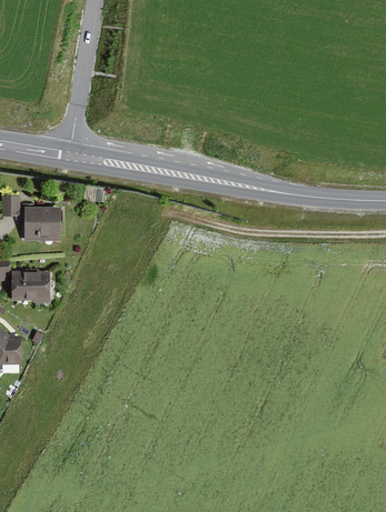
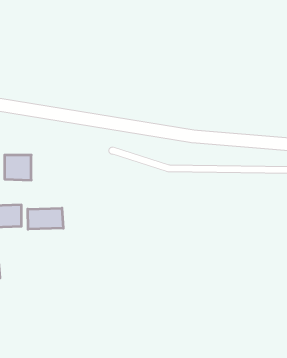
building: none -> [28,208,63,229]

